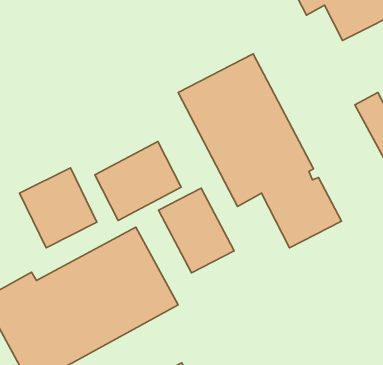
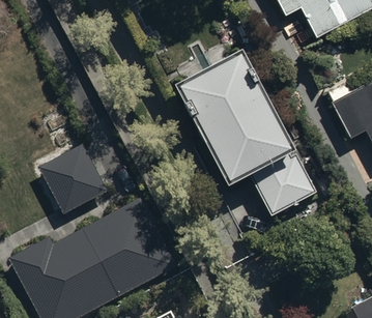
building: [95,141,181,221] -> none
building: [159,188,234,273] -> none

